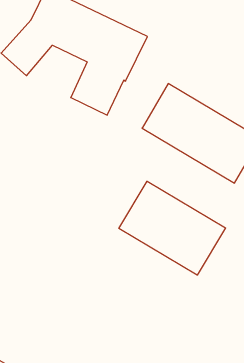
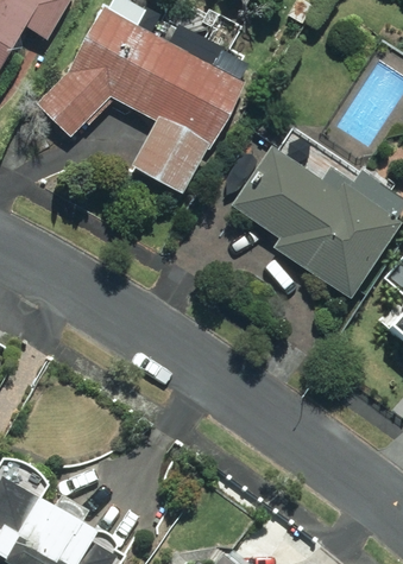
building: [119,181,226,275] -> none

